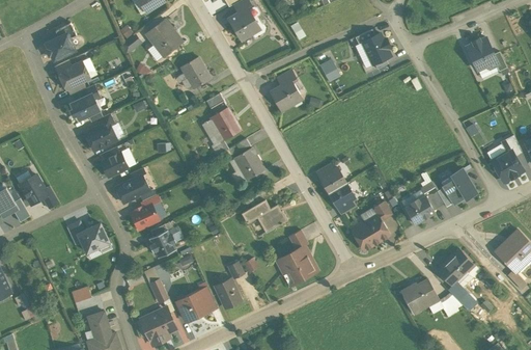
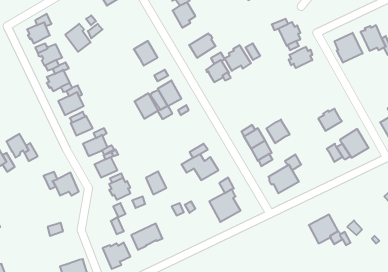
building: [146,20,178,55] -> [65,24,91,52]
building: none -> [335,33,363,63]
building: none -> [189,33,216,58]
building: none -> [224,45,251,71]
building: none -> [289,47,312,68]
building: [234,147,264,180] -> [134,93,158,119]
building: none -> [266,119,290,143]
building: [406,196,436,224] -> [318,109,342,131]
building: [438,248,474,284] -> none
building: [215,278,241,307] -> [146,171,166,194]
building: [88,312,112,339] -> none

